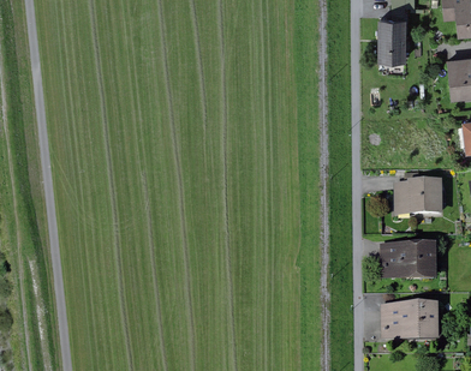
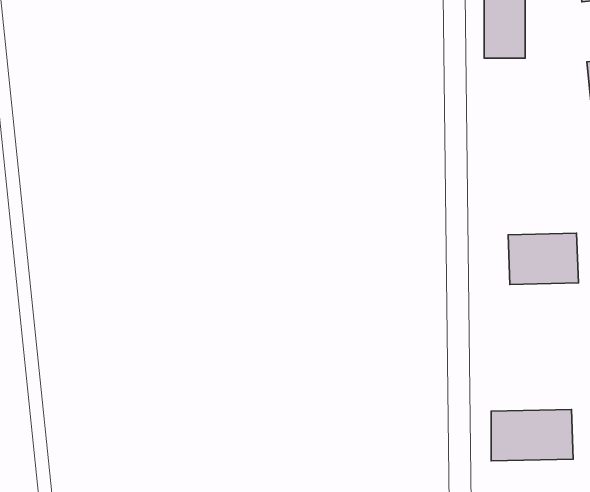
building: [380,244,436,281] -> none

